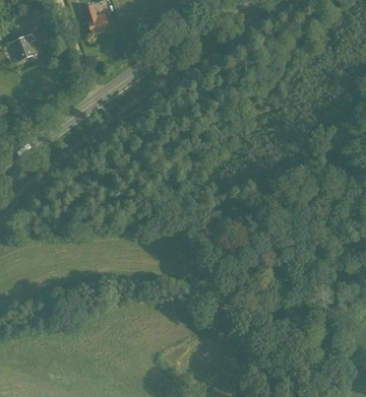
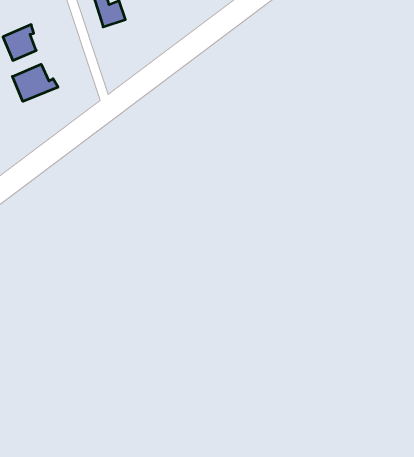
building: none -> [12,64,58,101]

